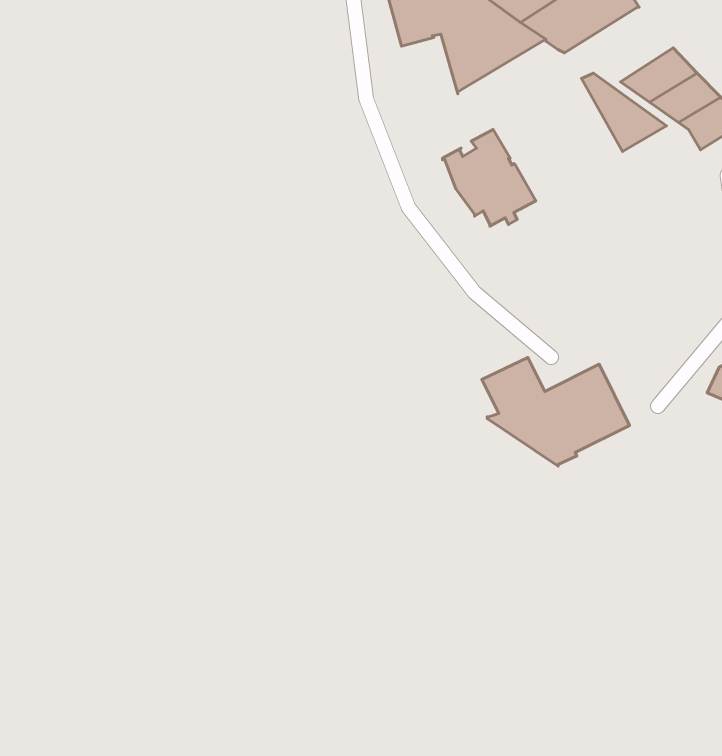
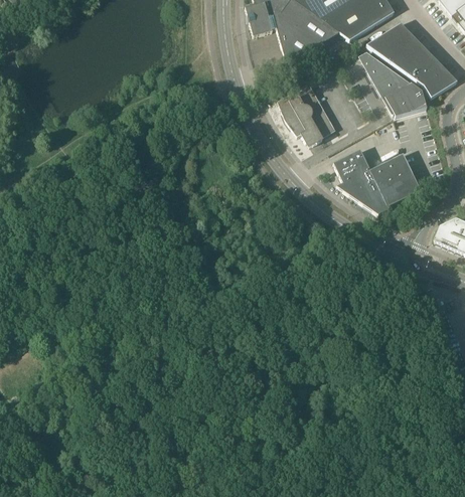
building: none -> [366,22,415,56]
building: none -> [384,82,427,117]
building: [482,357,630,466] -> [333,149,421,213]

